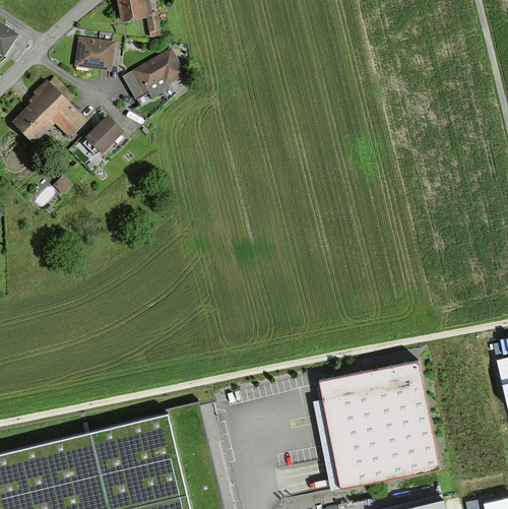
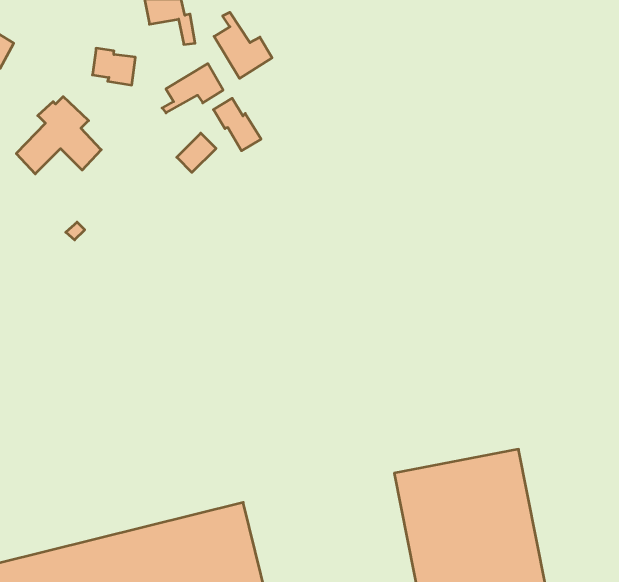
building: none -> [214,12,272,78]
building: none -> [213,98,261,151]
building: [86,120,118,151] -> [177,133,216,172]

